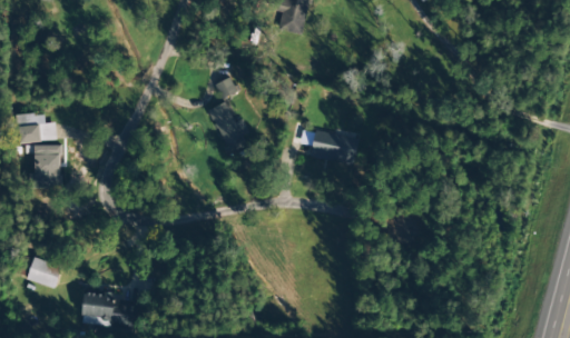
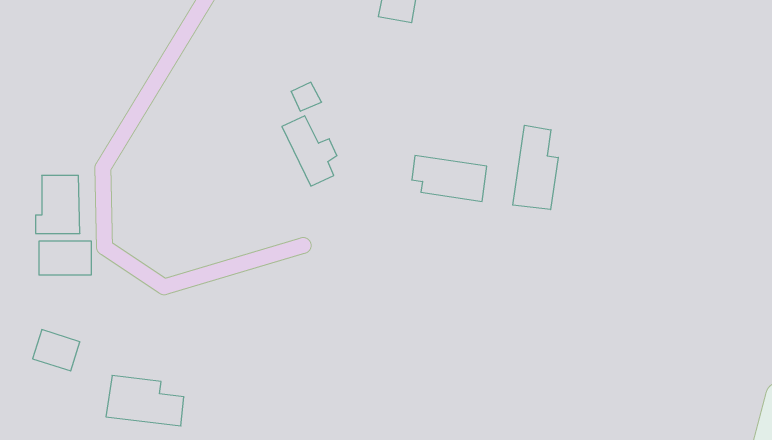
building: none -> [513,125,558,210]
building: [18,112,58,142] -> none
building: none -> [39,241,91,275]

